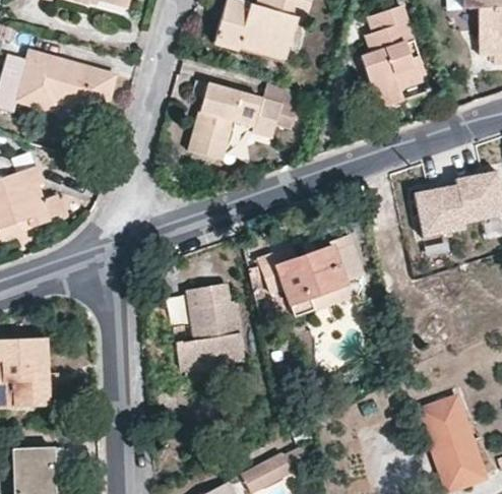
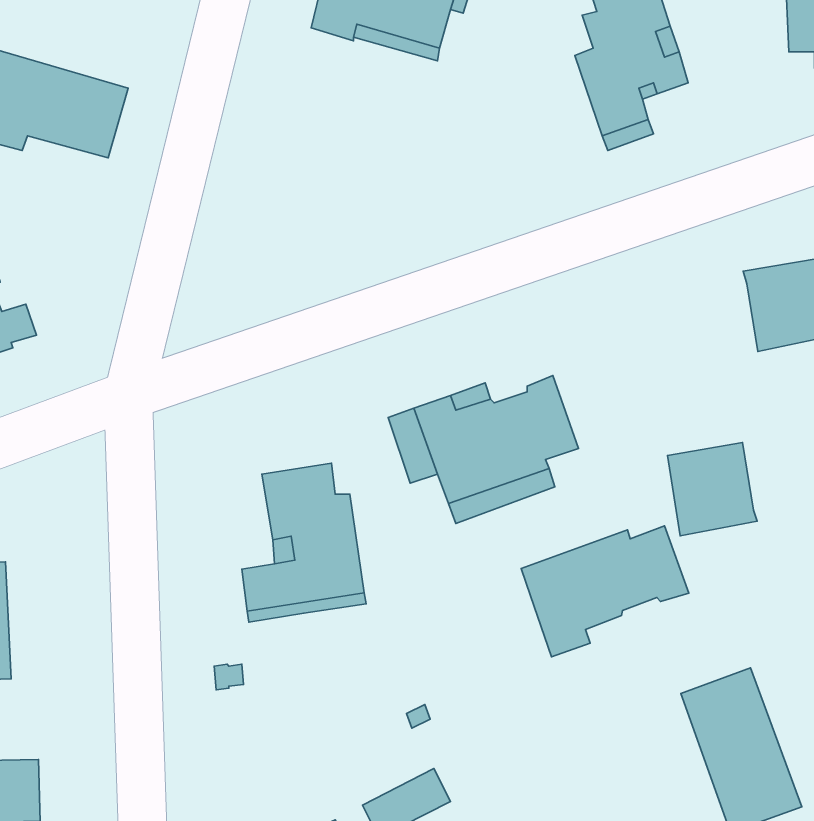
building: [188,80,280,159] -> none
building: [415,184,464,236] -> [667,443,757,536]
building: none -> [521,526,689,657]

